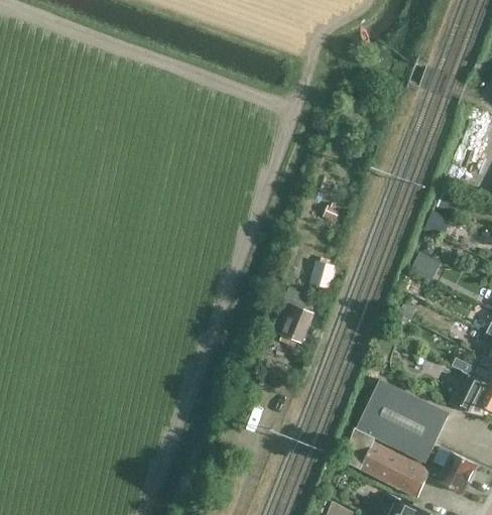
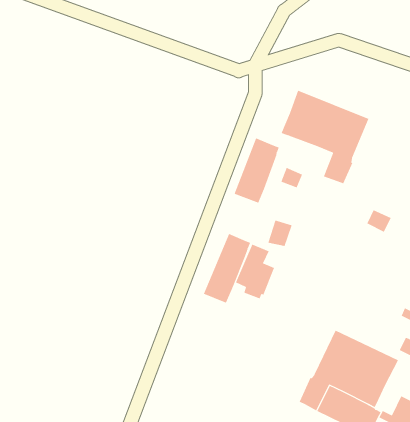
building: none -> [281,90,369,184]
building: none -> [234,138,279,204]
building: none -> [203,233,251,303]

